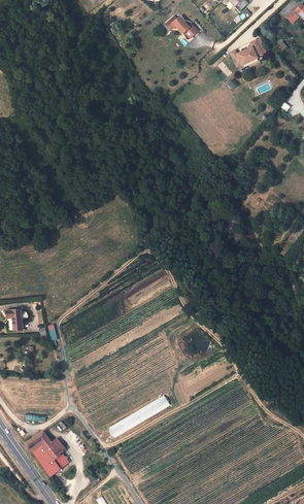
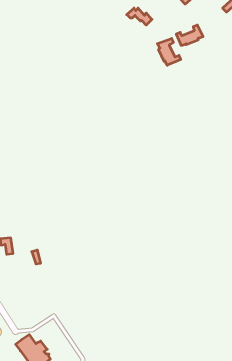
building: none -> [157,38,181,65]

